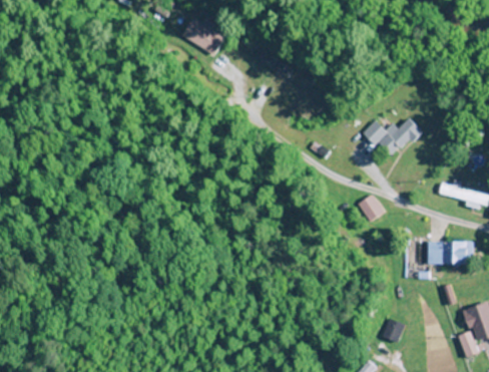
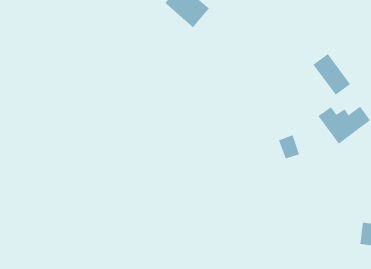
building: none -> [313,53,351,96]
building: [360,195,385,222] -> [278,135,300,159]

